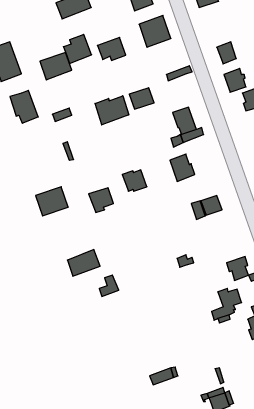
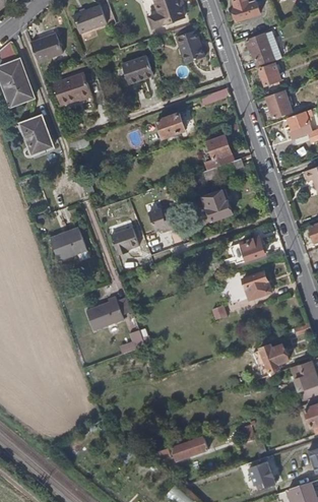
building: none -> [247,32,282,67]
building: [63,34,92,64] -> [30,27,63,61]
building: [95,96,129,125] -> none
building: [227,257,249,280] -> [243,270,268,298]

